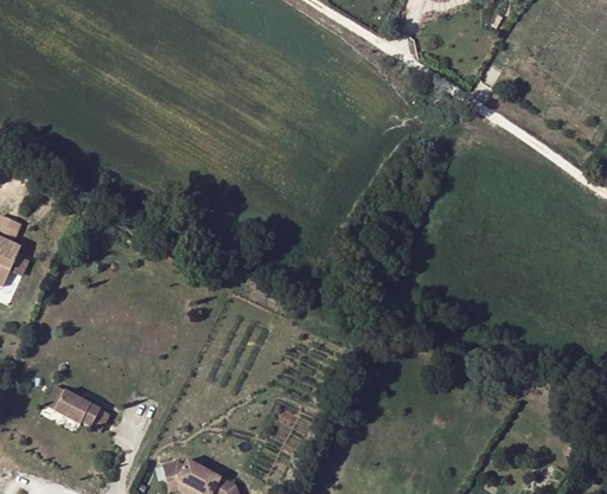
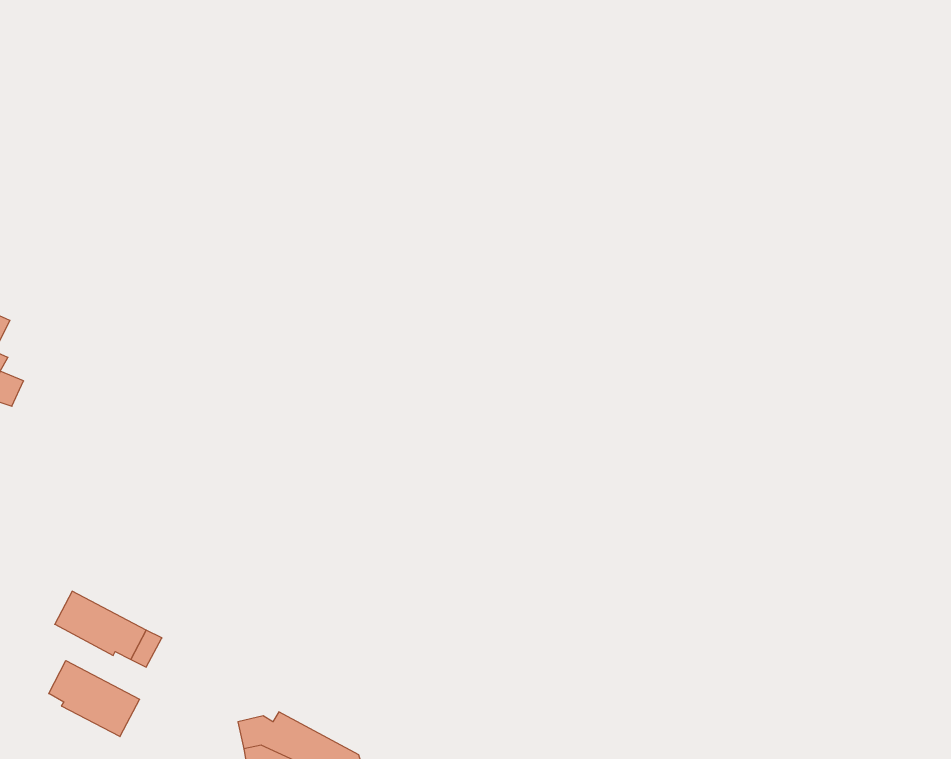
building: none -> [49,661,140,737]

